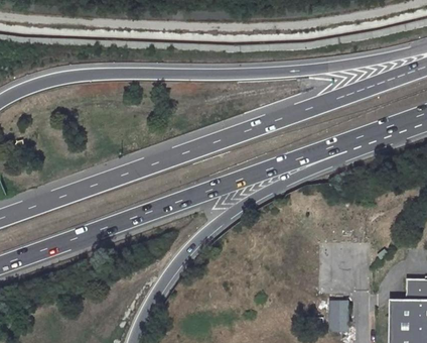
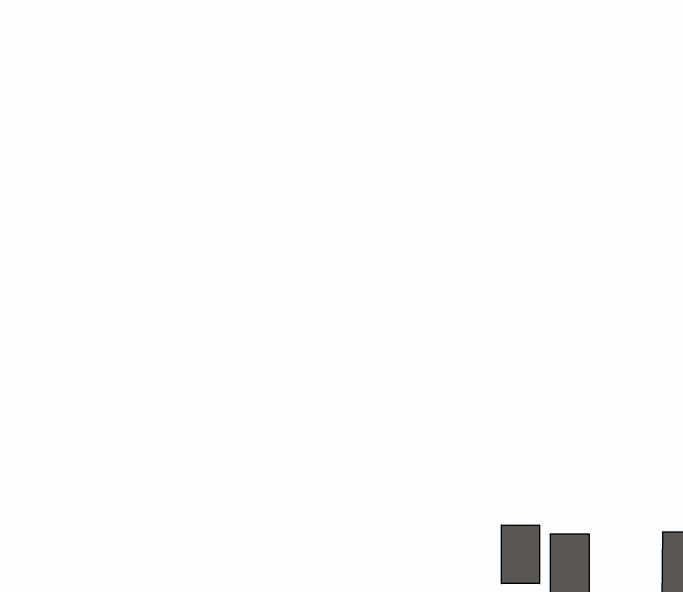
building: none -> [501,525,539,584]

